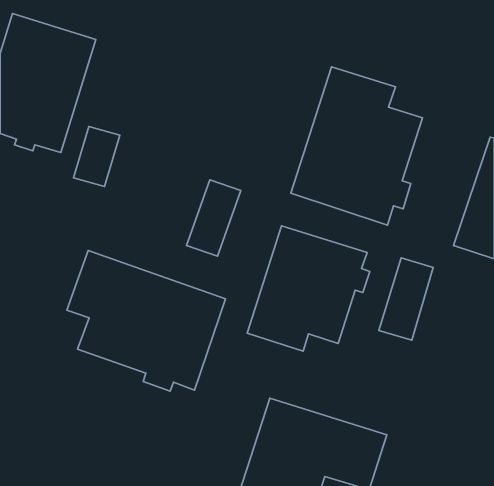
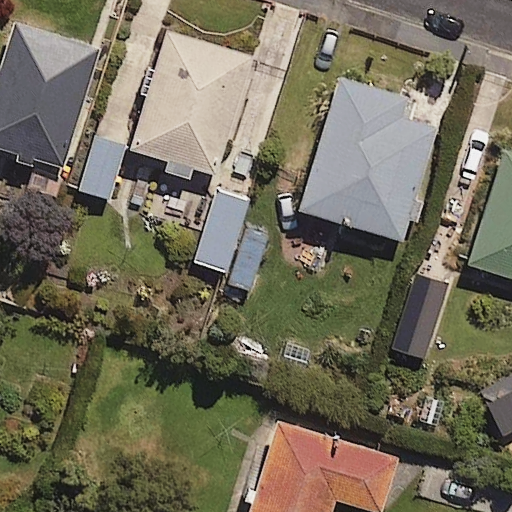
building: none -> [126,29,256,181]
building: [247,226,370,351] -> none
building: [67,250,226,391] -> none

